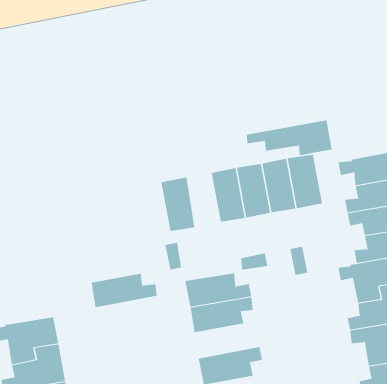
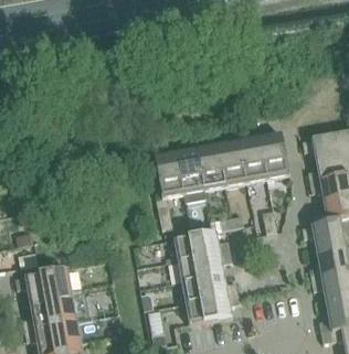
building: [246,119,332,156] -> none
building: none -> [177,149,204,194]
building: [91,273,158,308] -> [182,273,237,302]

